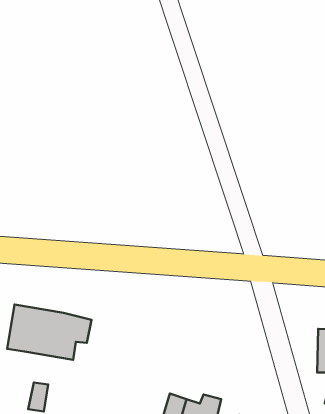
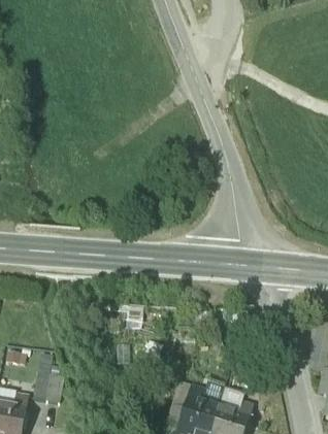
building: [7,304,92,360] -> none

